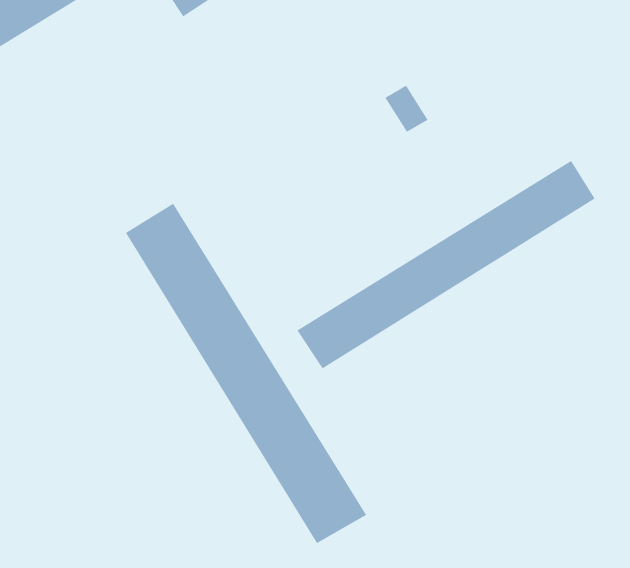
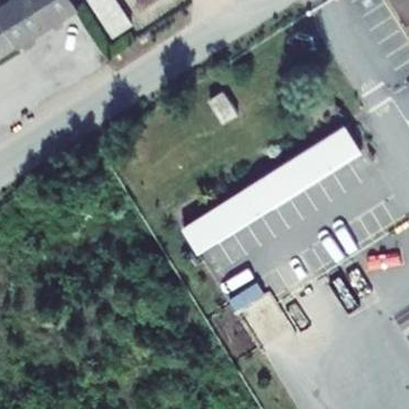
building: [125,203,367,544] -> none

